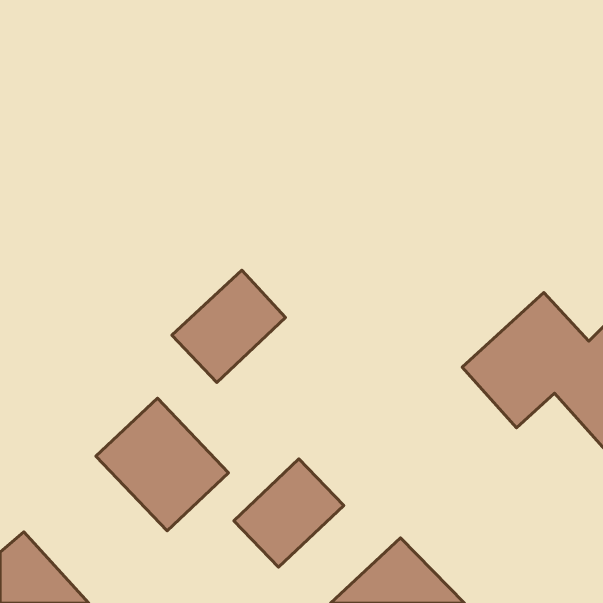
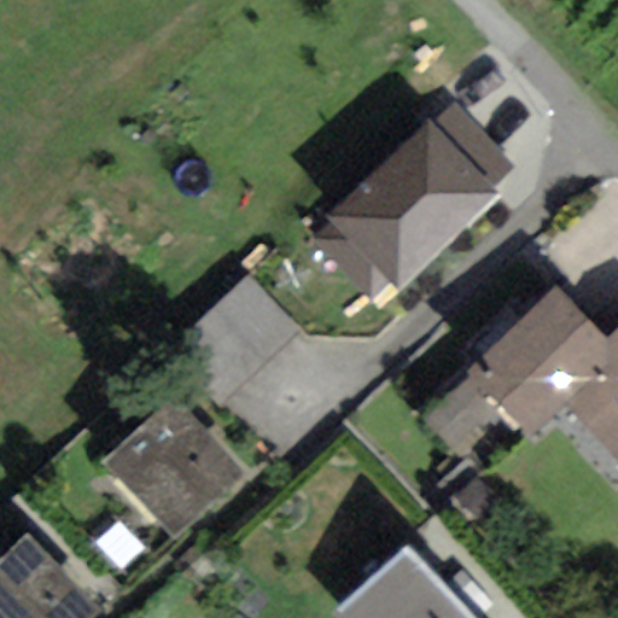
building: none -> [326,119,492,282]
building: [234,459,344,567] -> none

